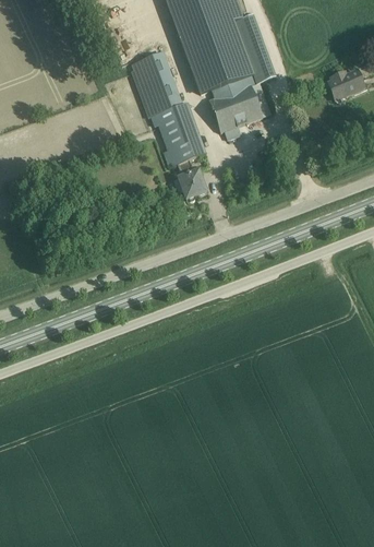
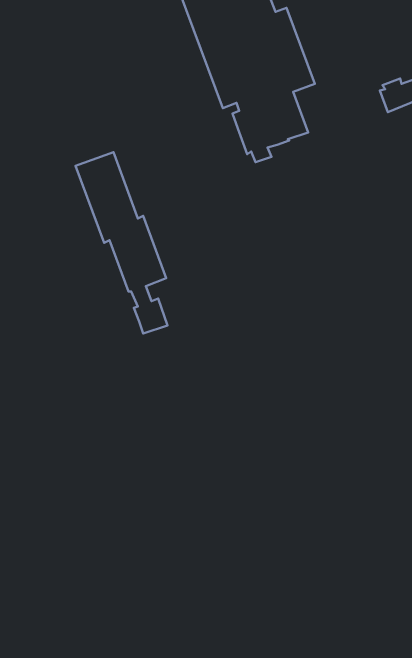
building: [132,52,206,199] -> [76,152,168,334]

